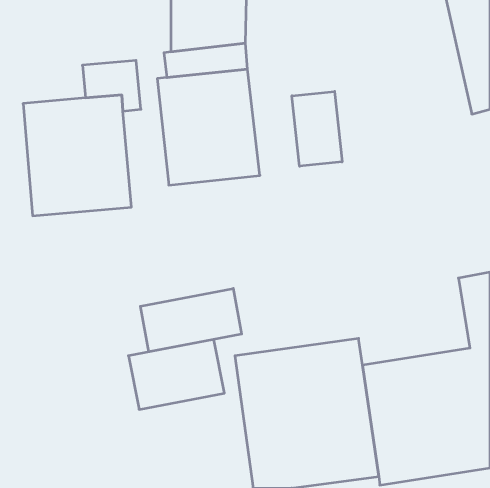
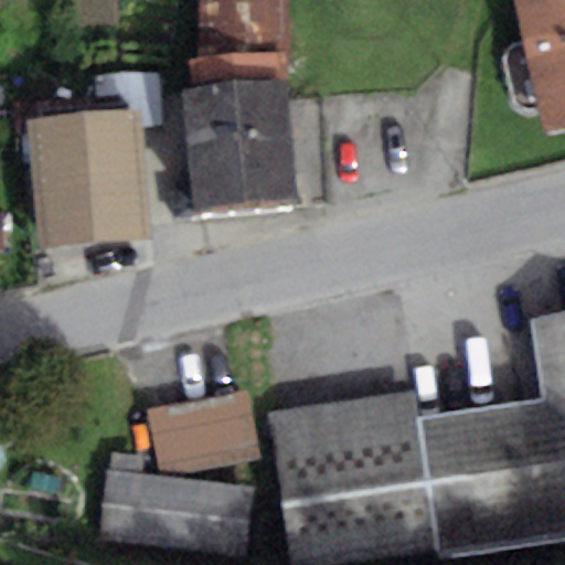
building: [292,91,342,166] -> none
building: [140,288,242,352] -> none
building: none -> [96,470,253,554]

